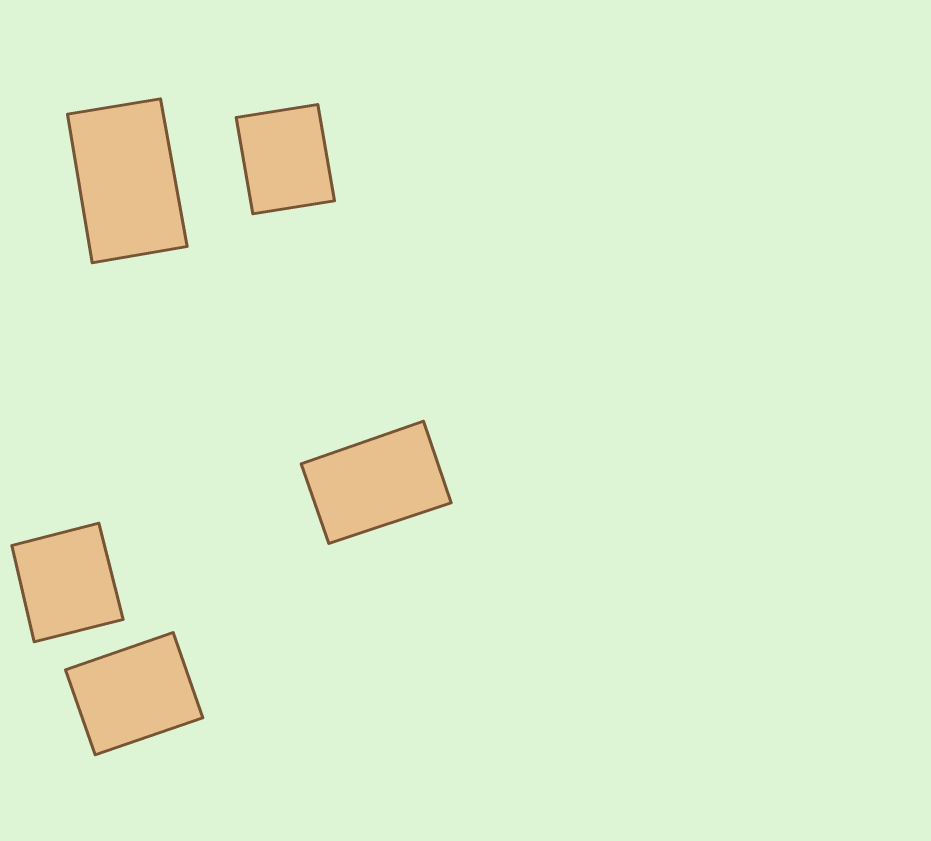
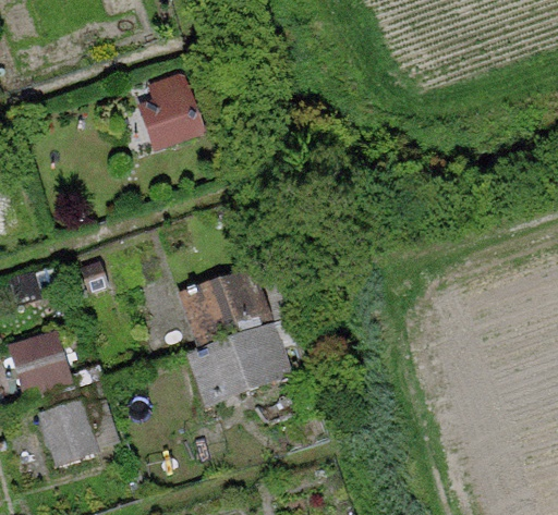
building: [68,99,187,263] -> none
building: none -> [190,326,292,401]

